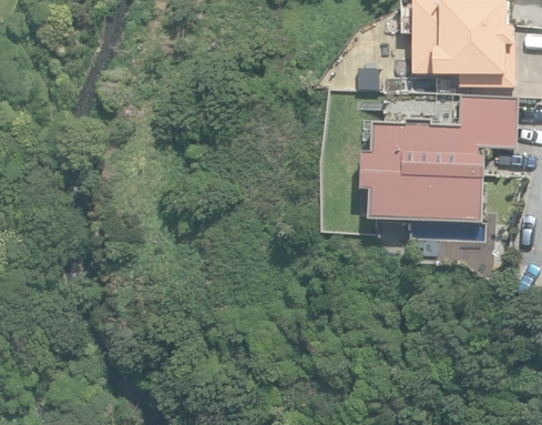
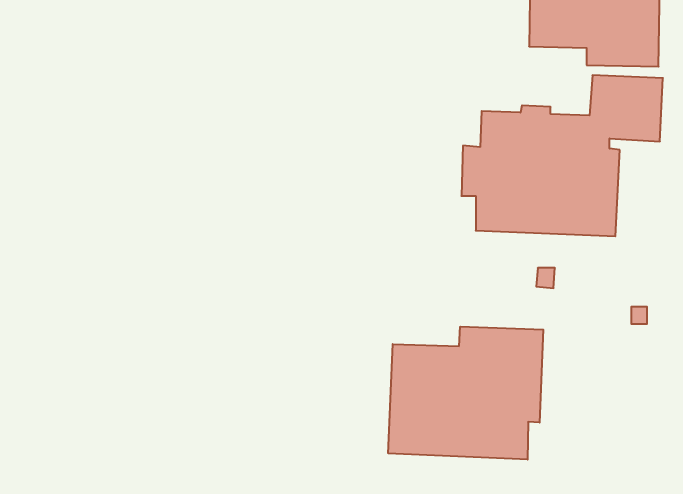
building: none -> [388,327,543,460]

